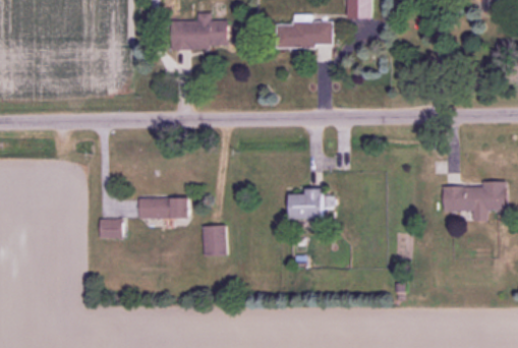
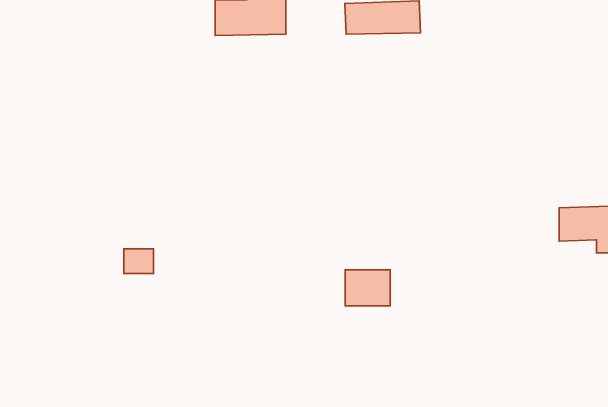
building: [291,191,327,220] -> [345,270,390,306]
building: [138,197,190,219] -> none
building: [203,226,227,255] -> none

